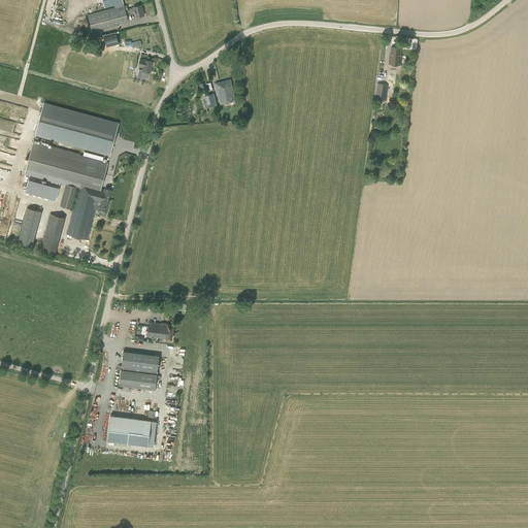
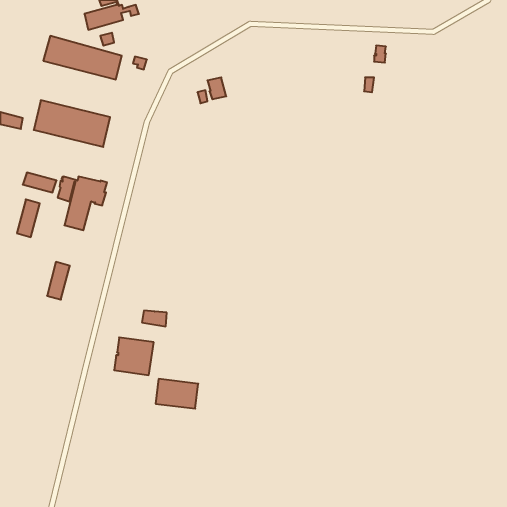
building: [26,142,107,188] -> [43,36,122,80]
building: [41,213,65,253] -> [47,262,70,300]
building: [107,415,152,446] -> [156,379,198,409]

